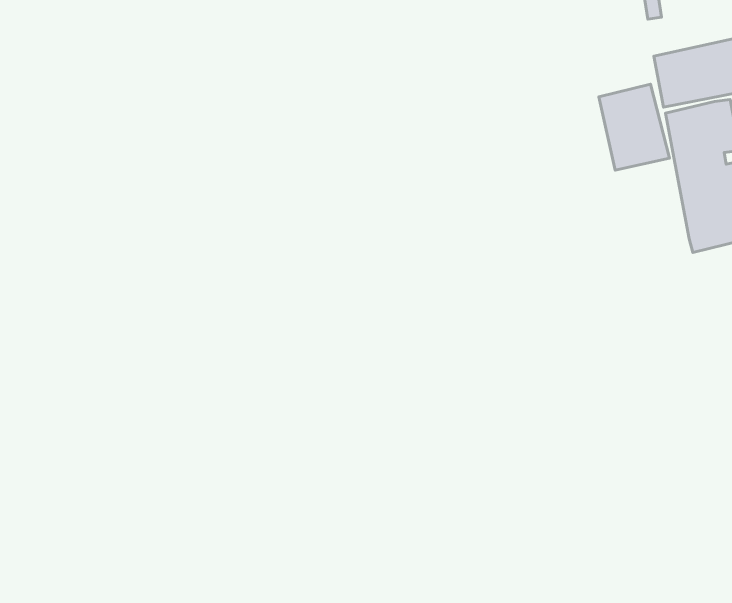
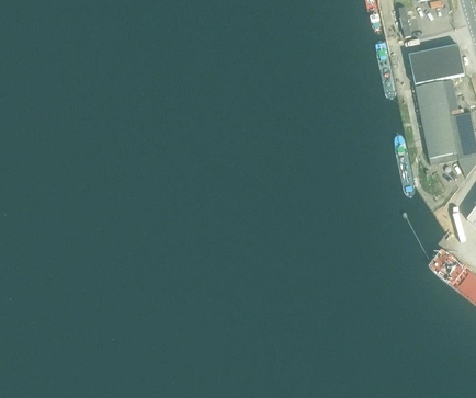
building: [599,84,669,170] -> none

